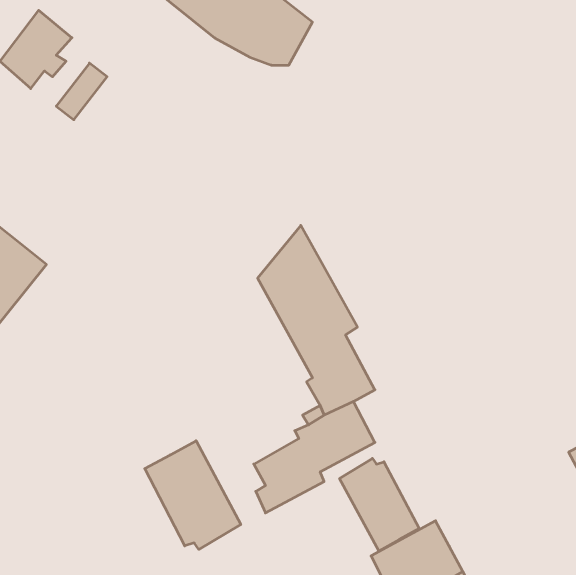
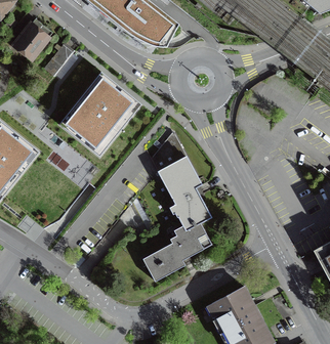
building: none -> [59,71,142,156]
building: [145,441,241,549] -> none
building: [340,458,419,551] -> none

